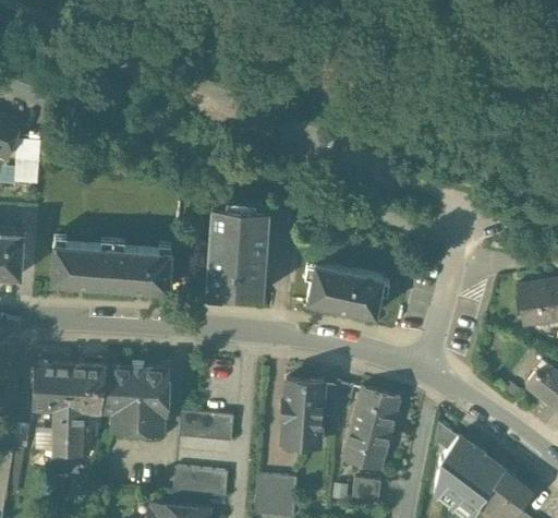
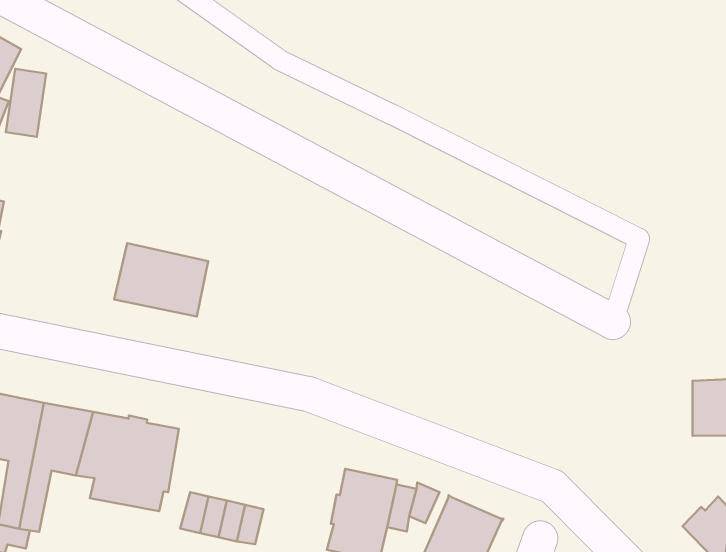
building: [205,206,267,297] -> none
building: [50,242,112,287] -> none
building: [306,263,383,316] -> none

